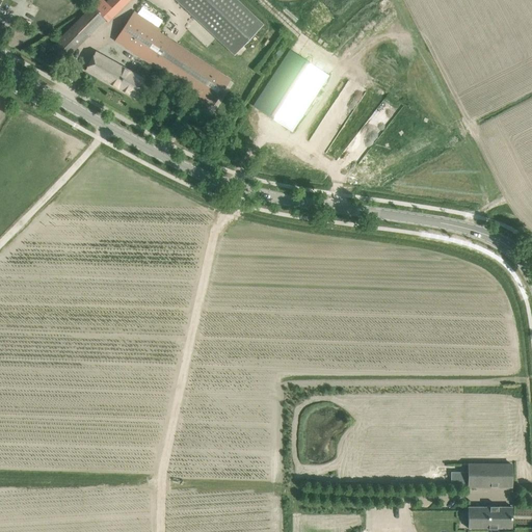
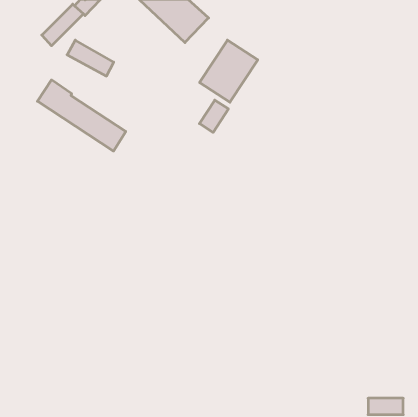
building: [116,12,229,103] -> [37,80,126,151]
building: none -> [199,100,228,132]
building: [468,463,512,485] -> none

